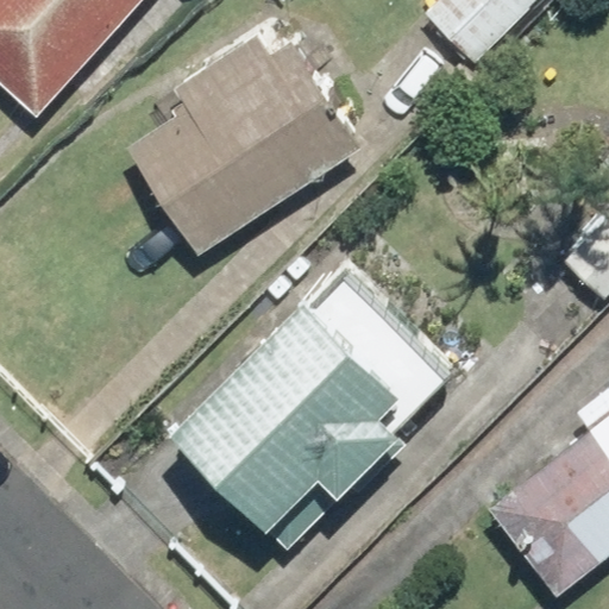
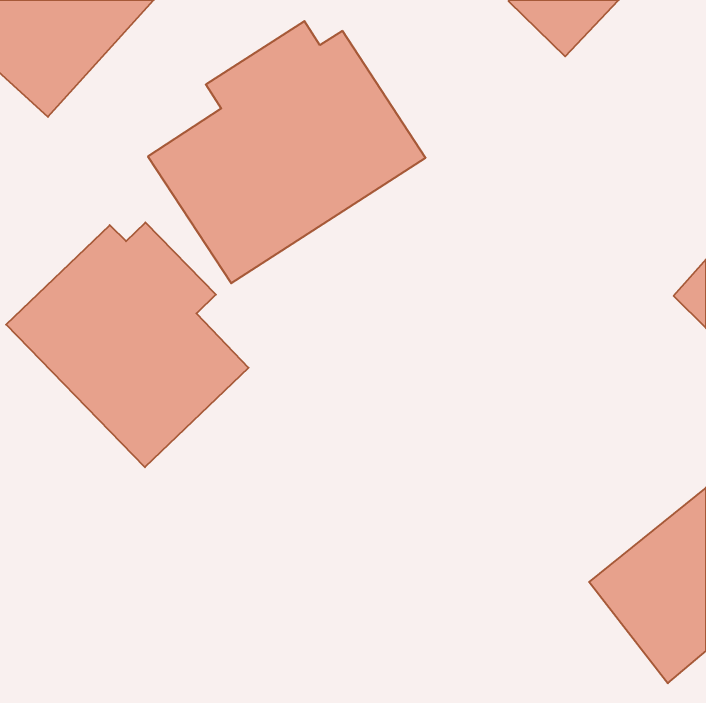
building: none -> [6,222,249,467]
building: [186,291,413,516] -> none

